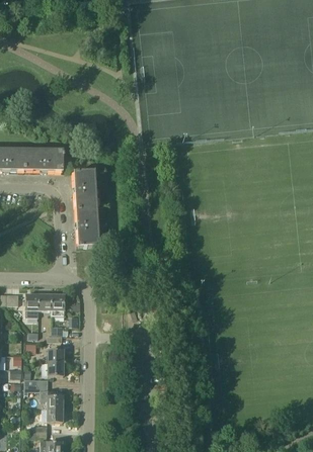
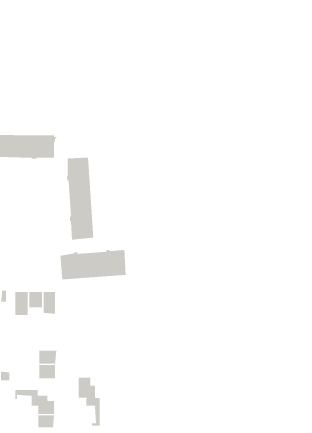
building: none -> [60,249,126,280]
building: none -> [78,377,100,427]

